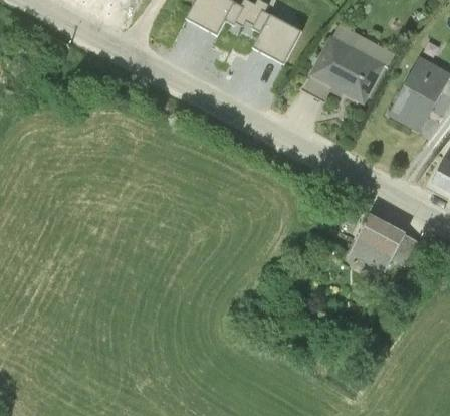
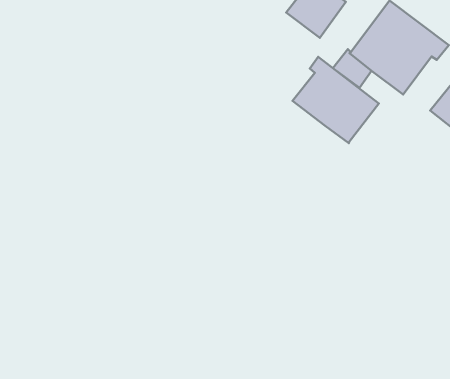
building: none -> [293,57,379,143]
building: [348,214,417,272] -> none

